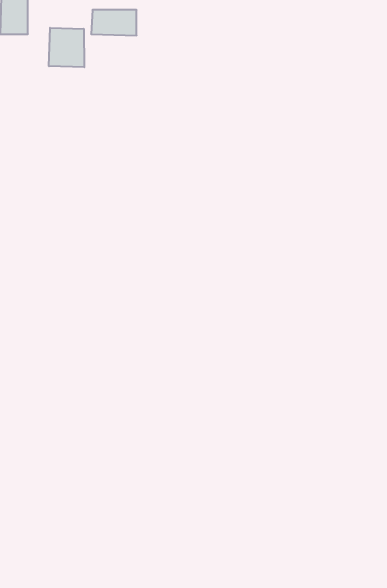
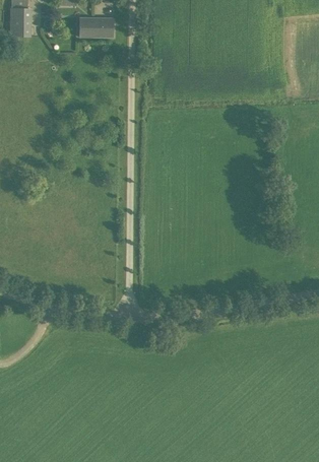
building: [49,28,84,67] -> none

